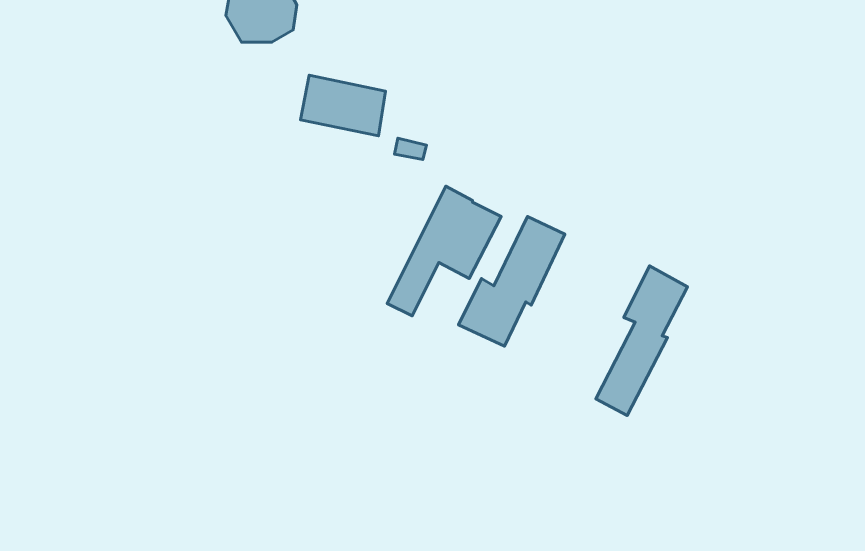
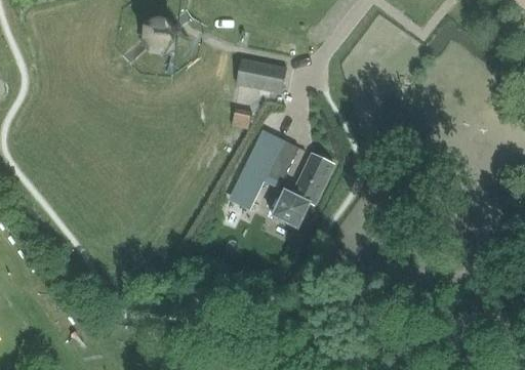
building: [300,75,386,136] -> [236,56,285,91]
building: [596,266,688,415] -> none

